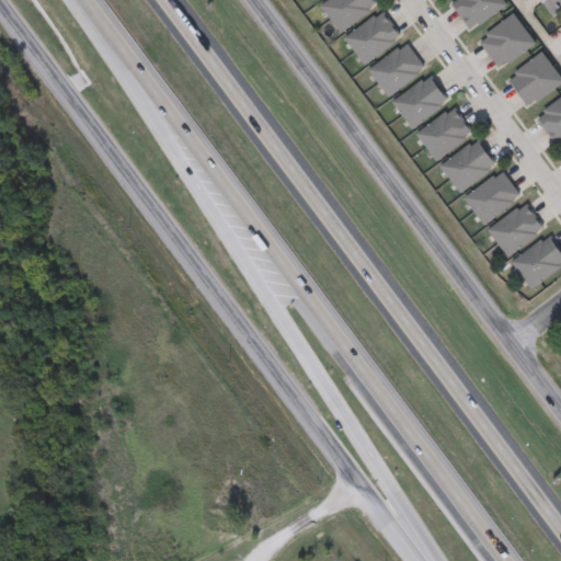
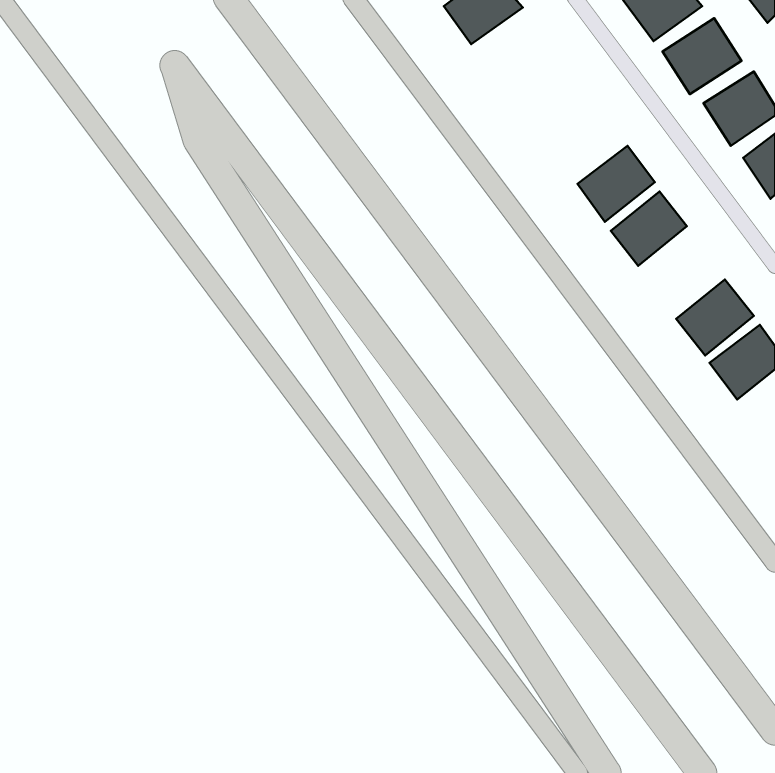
building: [344,10,400,64] -> none
building: [368,41,425,95] -> none
building: [392,75,448,127] -> none
building: [463,169,520,224] -> none

